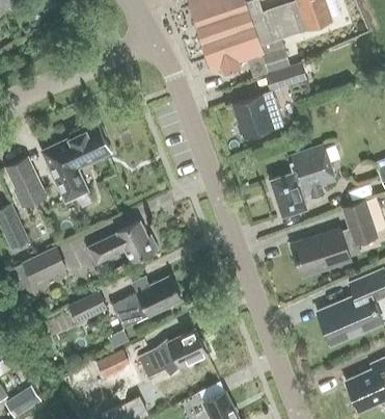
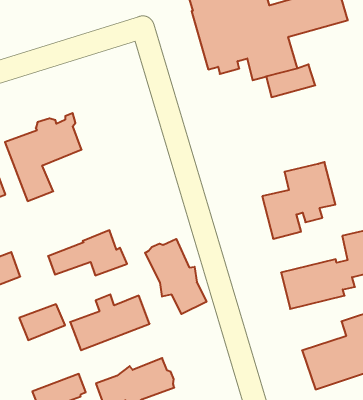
building: [232,90,281,138] -> none
building: none -> [145,239,206,314]

